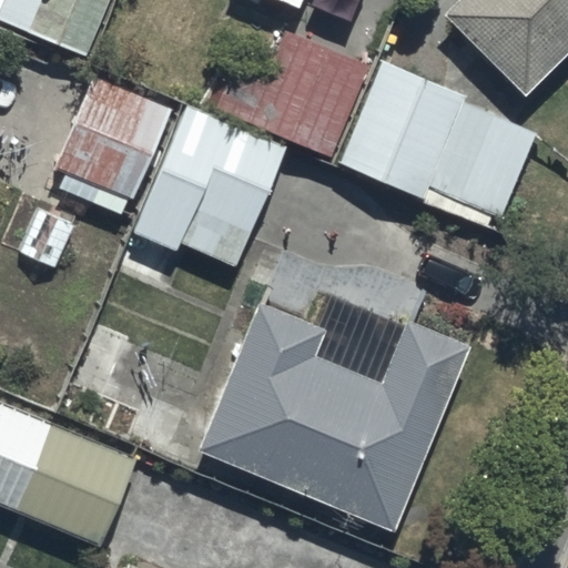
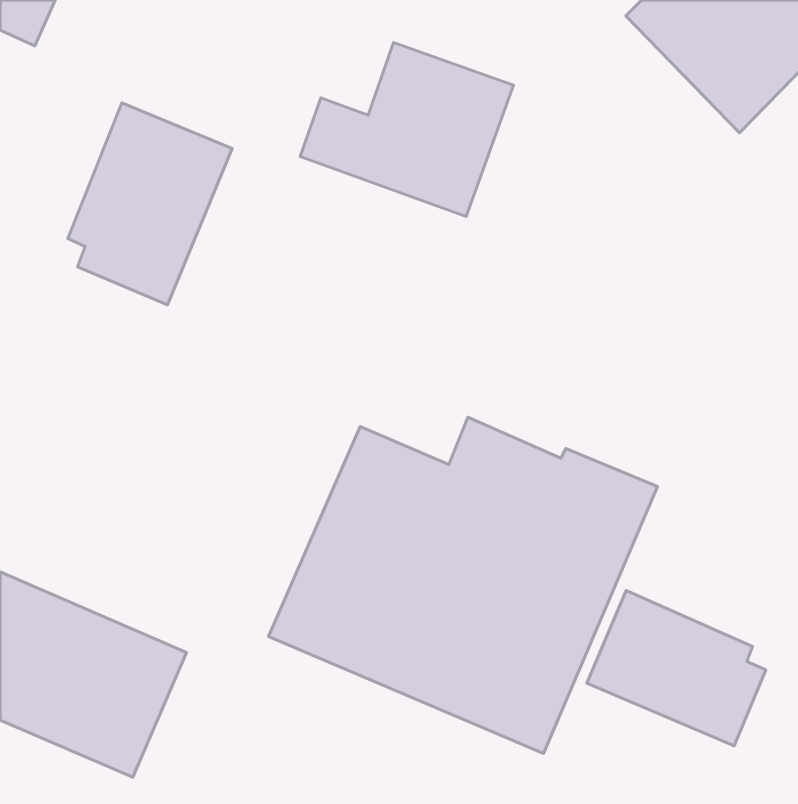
building: [339,60,538,235] -> none
building: [131,103,287,283] -> none
building: none -> [587,591,766,746]

